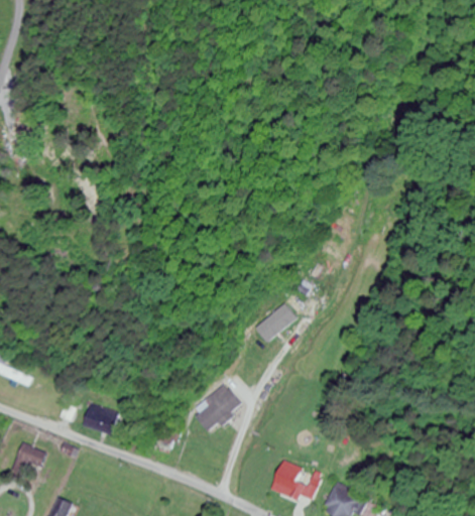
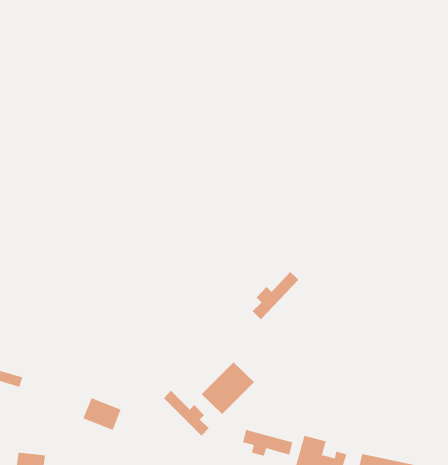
building: none -> [163,390,209,436]
building: none -> [242,429,293,457]

